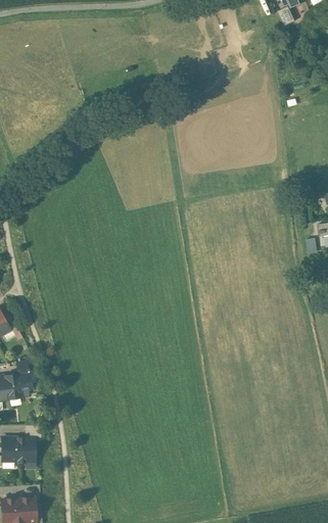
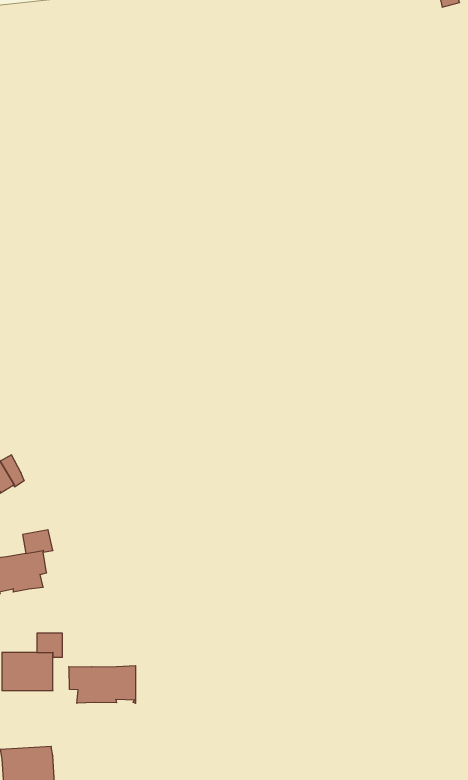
building: none -> [69,666,135,703]

